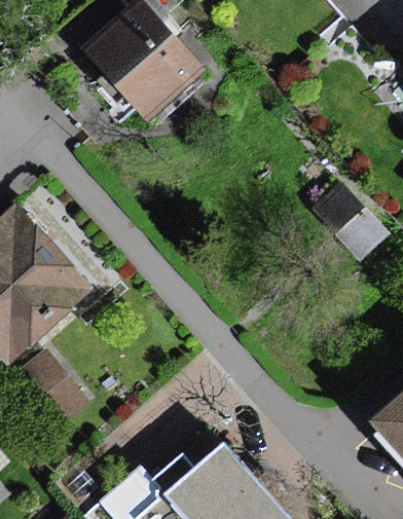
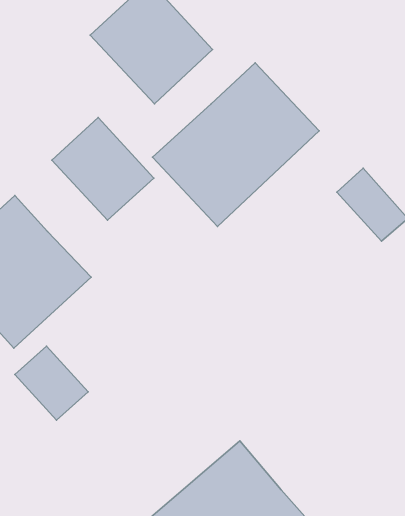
building: none -> [153,63,319,227]
building: none -> [52,117,154,220]

